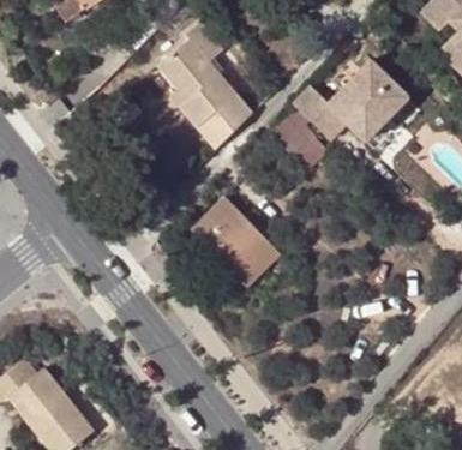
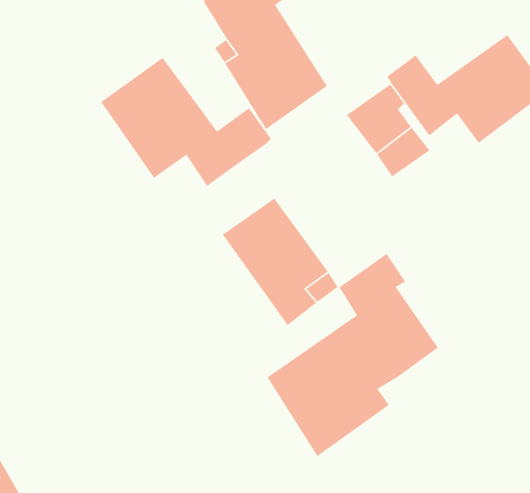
building: none -> [100,57,272,187]
building: none -> [266,253,439,457]

